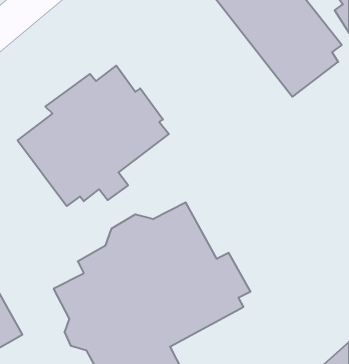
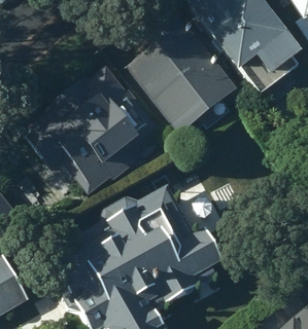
building: none -> [126,21,237,135]

